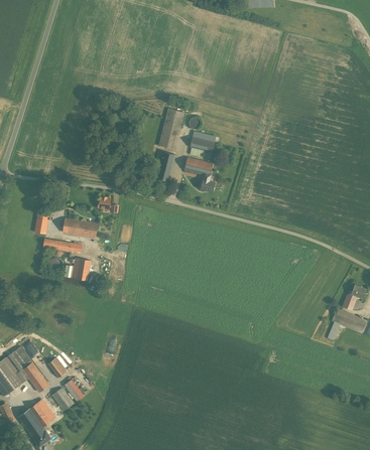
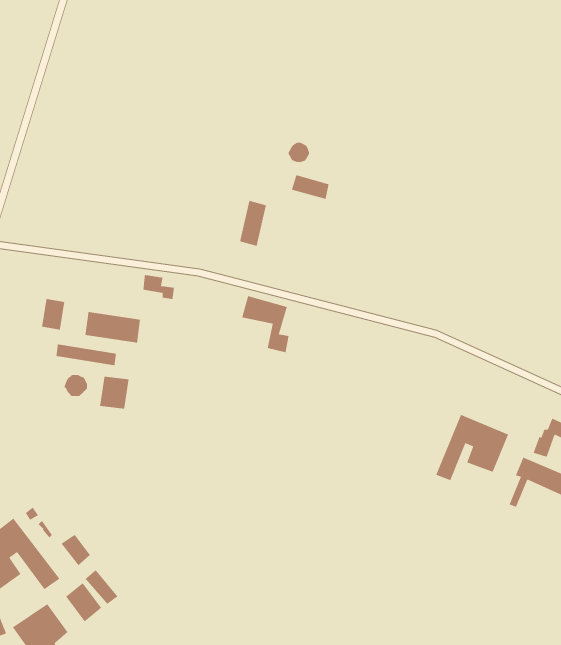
building: [159,105,186,145] -> none
building: [186,154,216,190] -> [241,295,289,353]
building: none -> [435,414,509,481]

